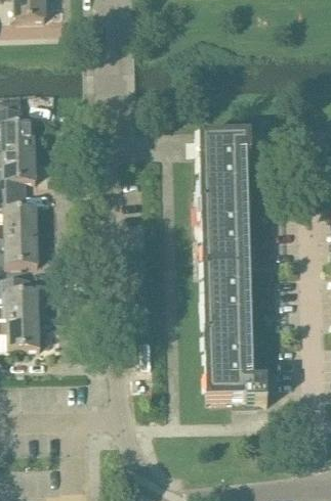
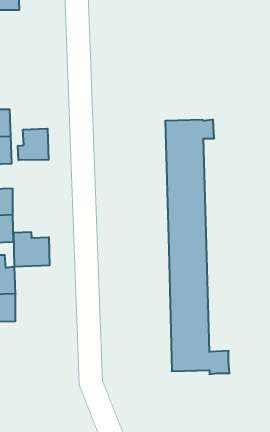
building: none -> [18,129,48,160]
building: none -> [14,232,49,267]

